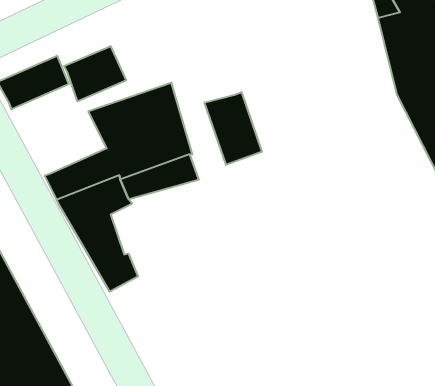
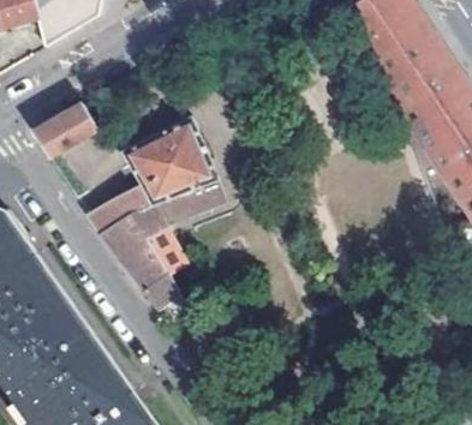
building: [64,46,126,101] -> none
building: [205,92,262,165] -> none

